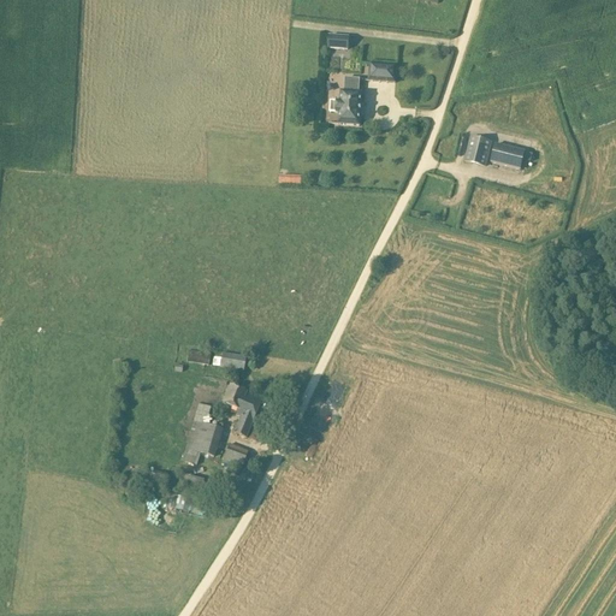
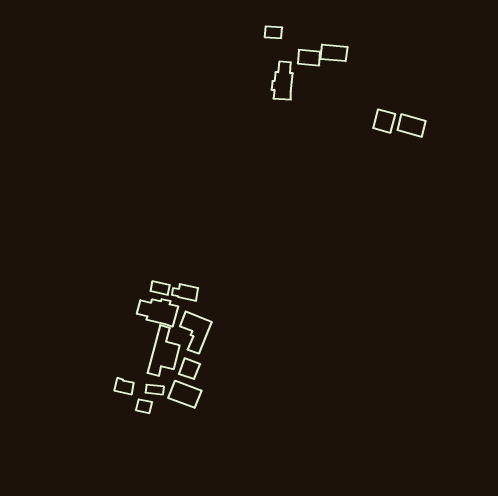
building: none -> [320,44,347,61]
building: none -> [137,299,178,327]
building: none -> [168,381,202,408]

